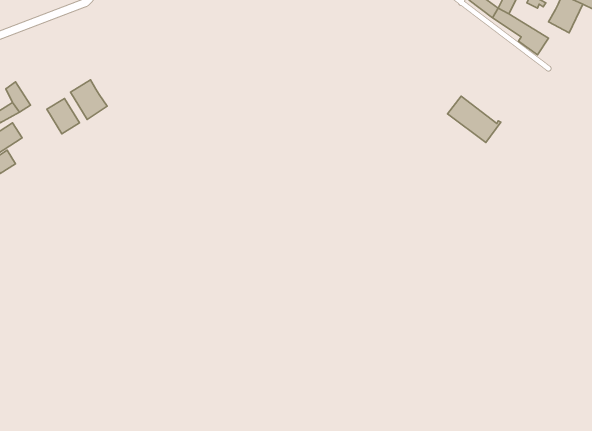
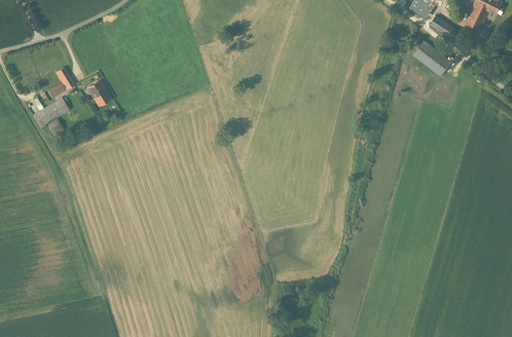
building: [70,80,107,120] -> none
building: [448,96,501,143] -> [412,40,452,75]

